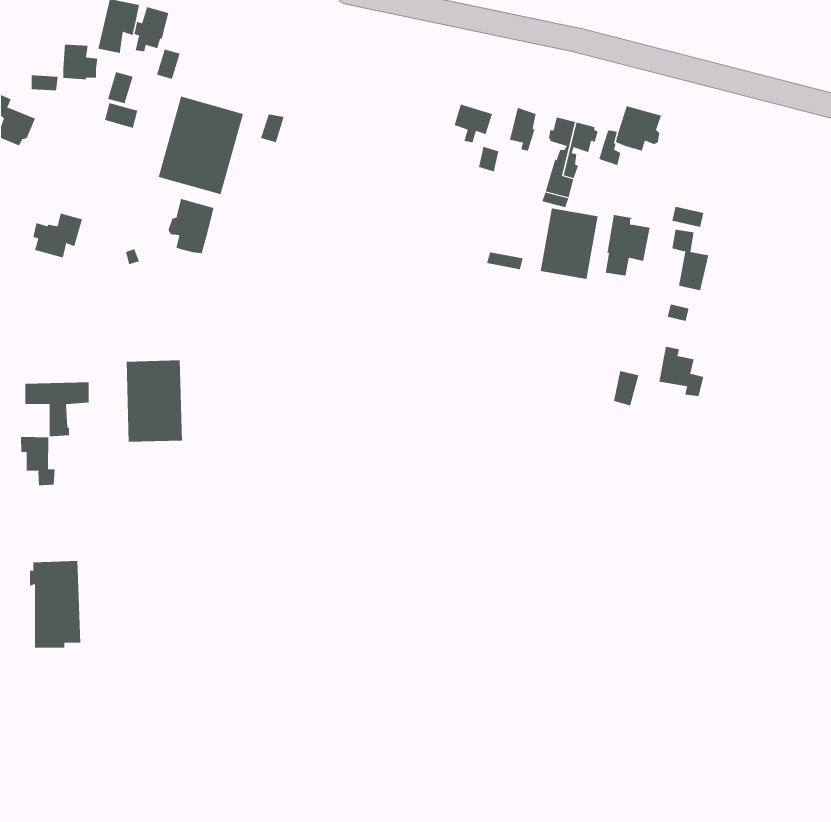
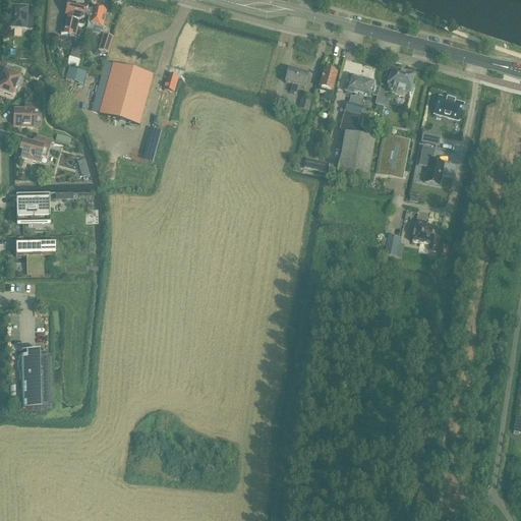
building: [63,44,98,80] -> [11,4,34,26]
building: none -> [433,94,463,118]
building: none -> [13,100,39,124]
building: [168,198,214,255] -> none
building: none -> [17,190,47,221]
building: [126,360,182,443] -> none
building: [20,436,55,486] -> none

